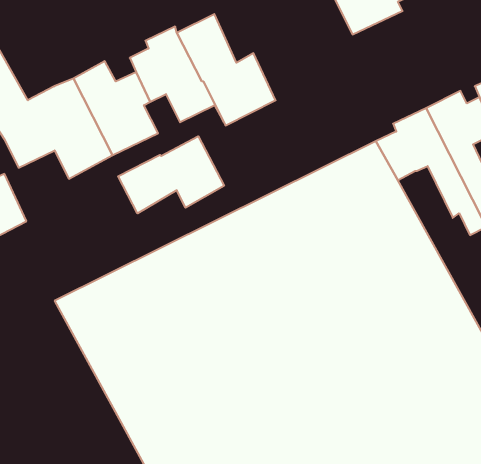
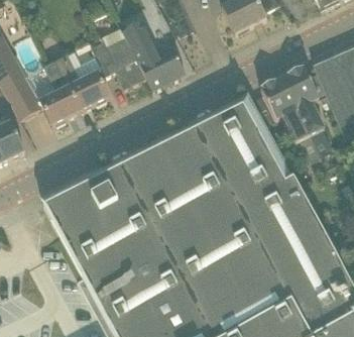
building: [118,136,224,213] -> none

